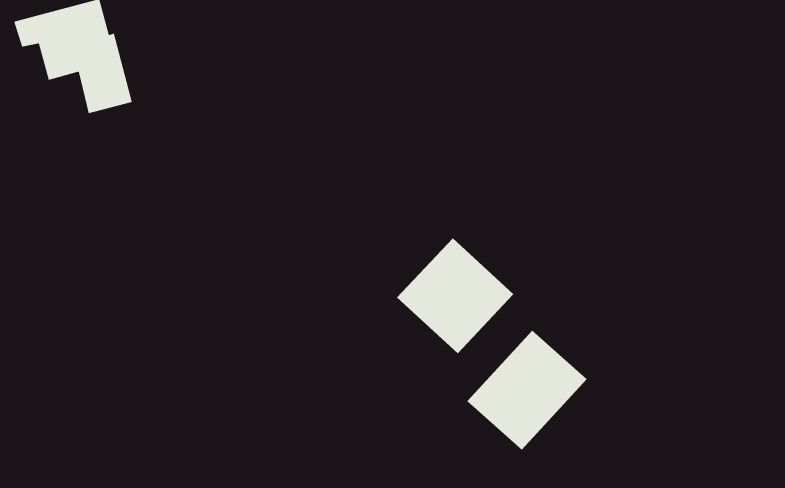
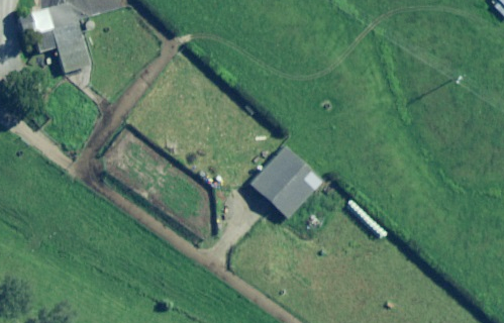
building: [466,330,588,451] -> none

